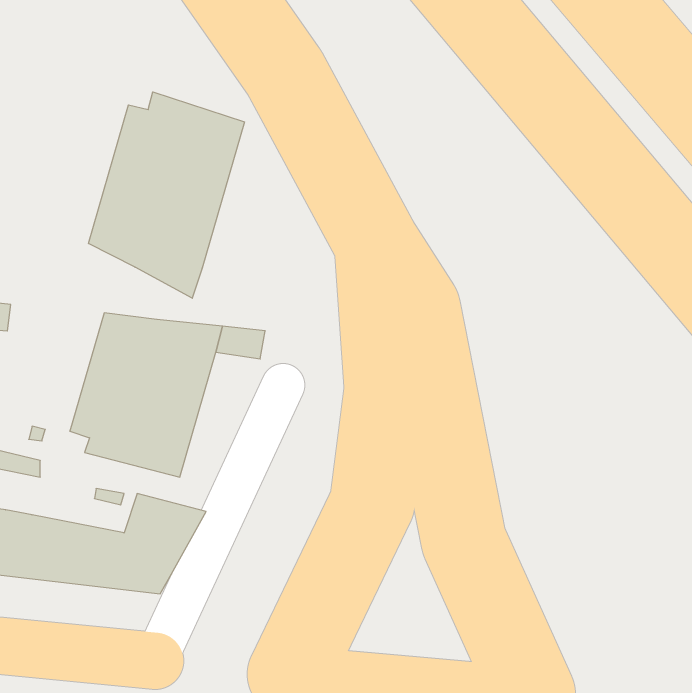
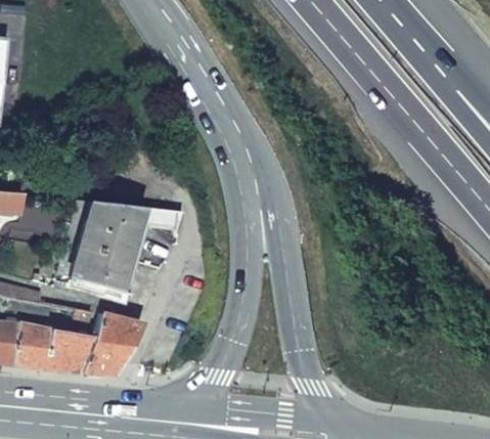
building: [89,92,244,298] -> none

